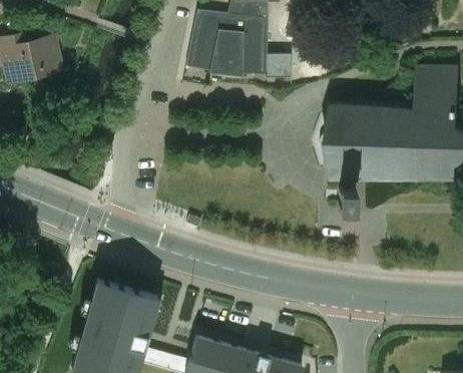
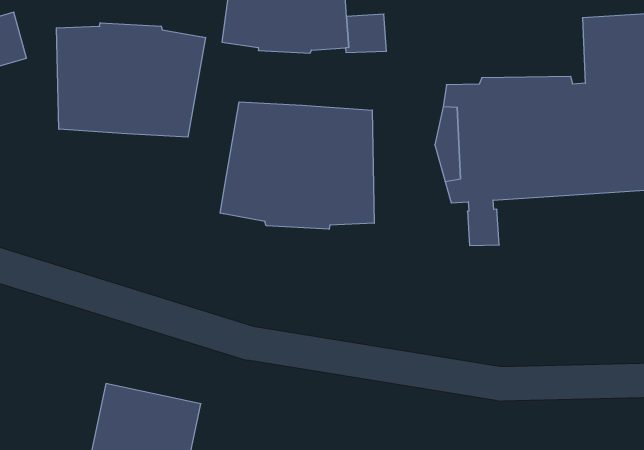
building: none -> [56,23,206,137]
building: none -> [220,102,374,229]

